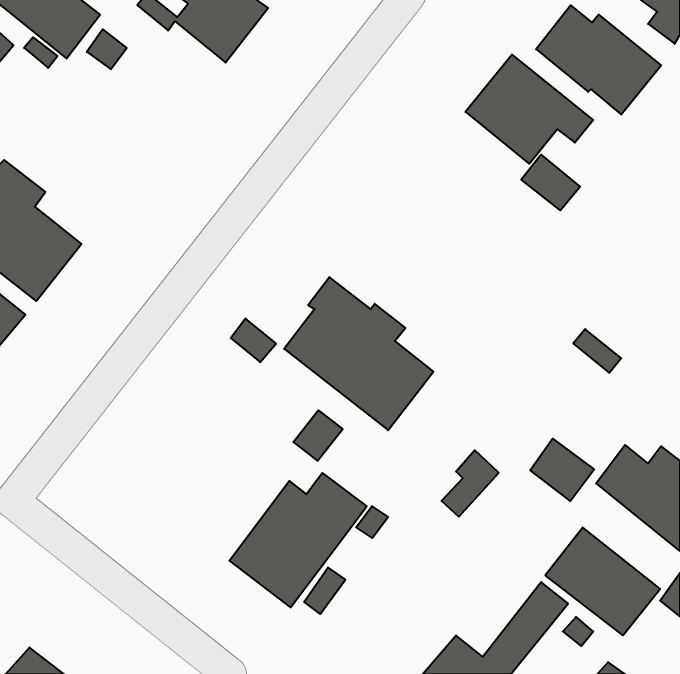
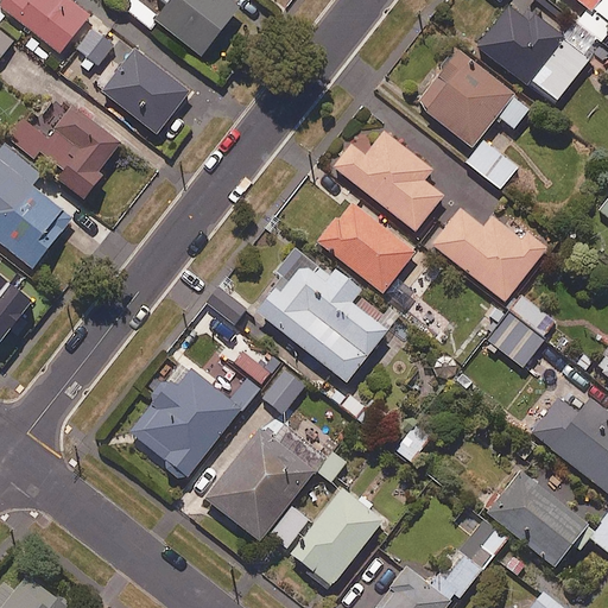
building: none -> [101,49,189,133]
building: none -> [11,106,125,200]
building: none -> [331,131,443,230]
building: none -> [318,201,414,292]
building: none -> [431,208,546,300]
building: none -> [128,363,259,477]
building: [530,439,594,501] -> [487,310,544,366]
building: none -> [290,488,382,587]

